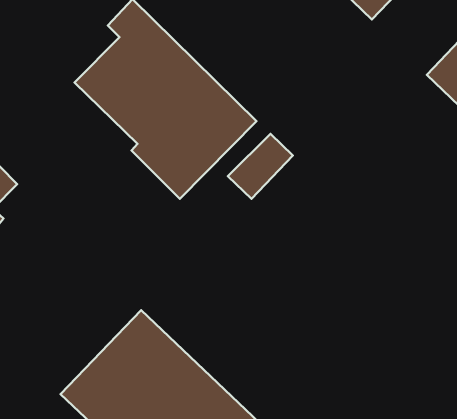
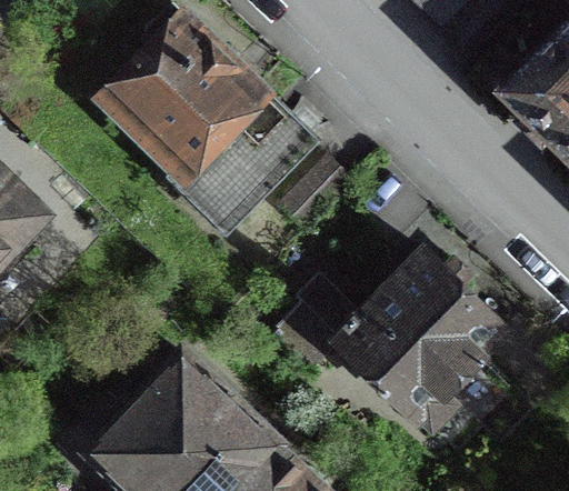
building: none -> [273,251,503,432]

